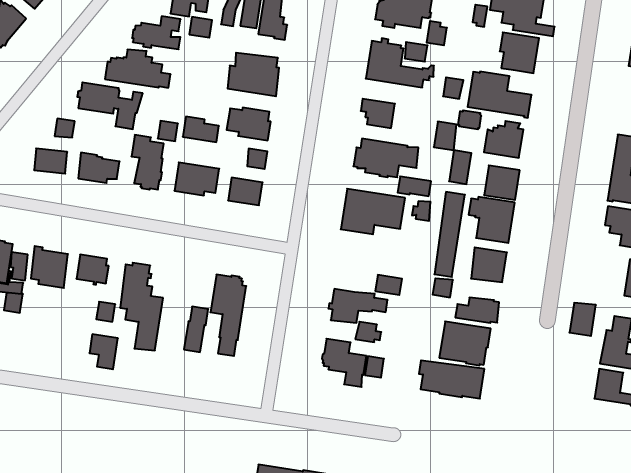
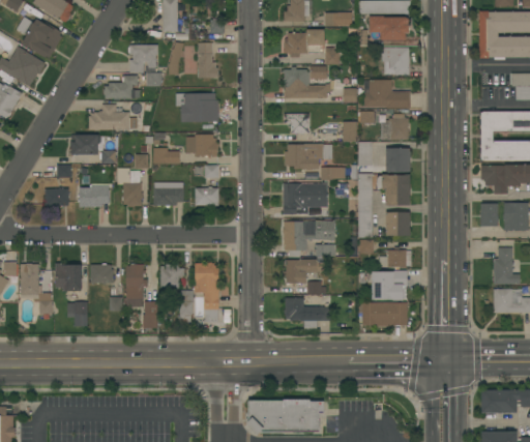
building: none -> [283,222,334,258]
building: none -> [160,264,184,288]
building: [569,303,596,336] -> [480,203,497,227]
building: [89,334,118,369] -> [67,302,87,326]

